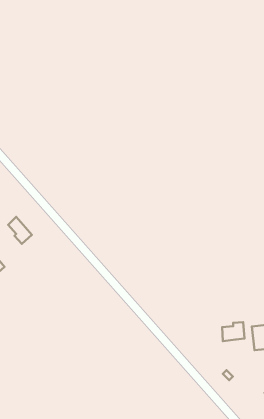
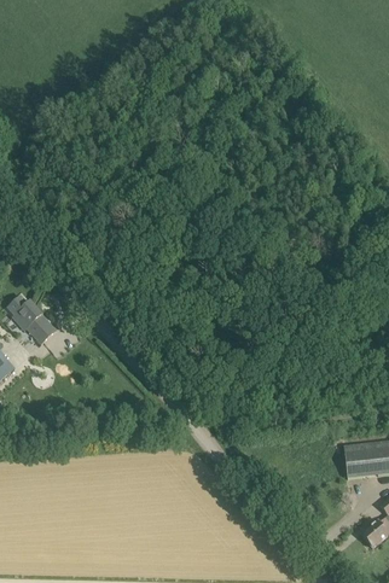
building: [222,322,245,341] -> none

